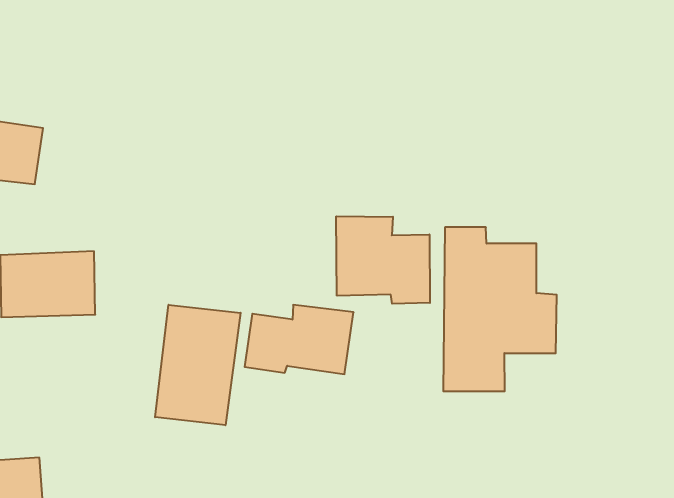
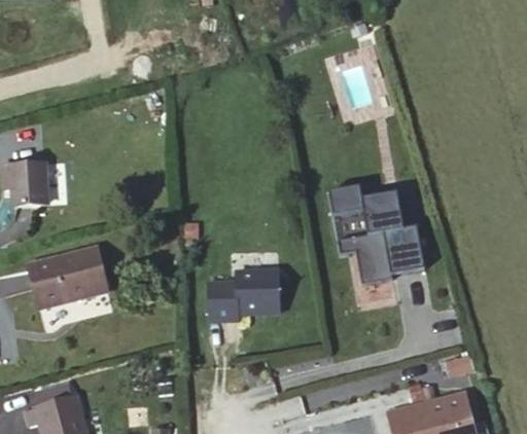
building: [336,216,430,304] -> none
building: [155,305,241,425] -> none

